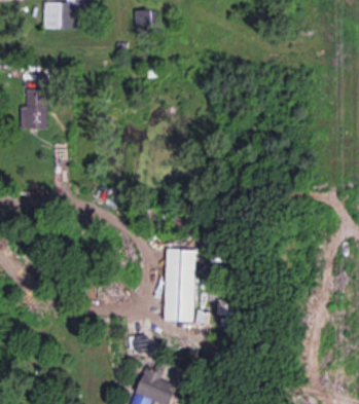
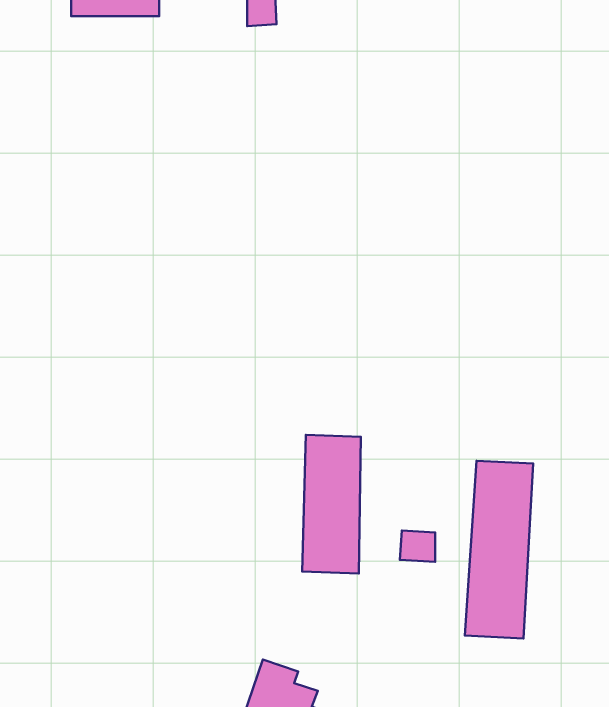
building: [21,88,47,128] -> none
building: none -> [465,461,533,638]

